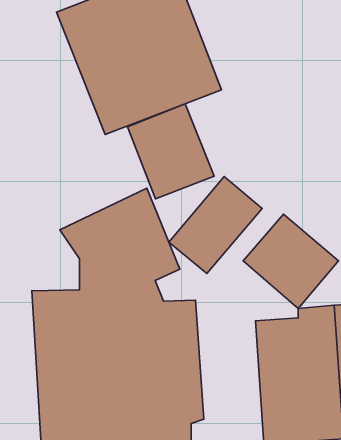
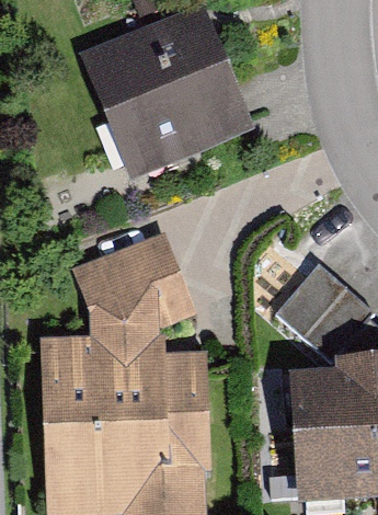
building: [128,104,214,199] -> none
building: [169,176,262,274] -> none

